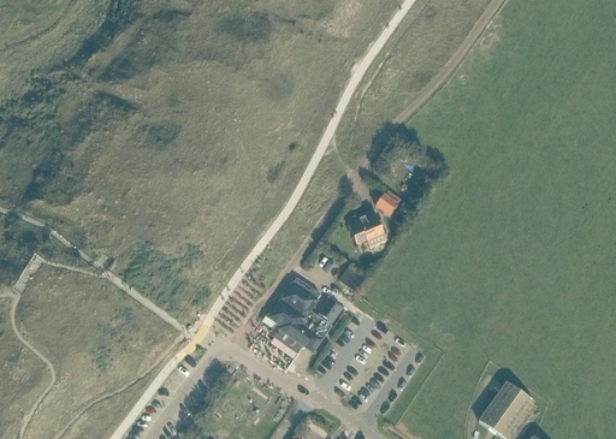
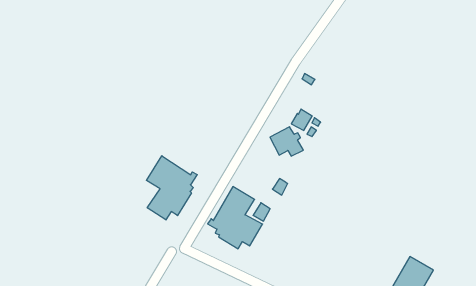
building: none -> [146,156,197,220]

